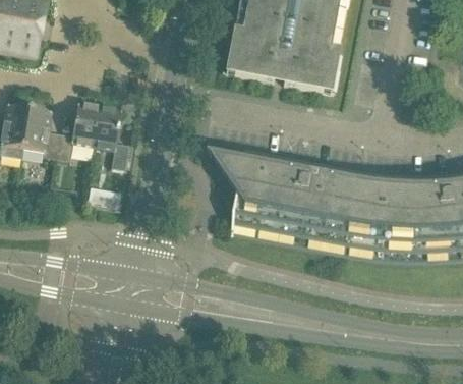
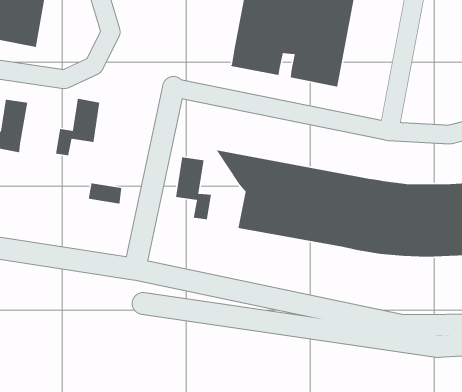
building: [21,101,59,152] -> none
building: [93,101,128,163] -> [175,157,212,220]

